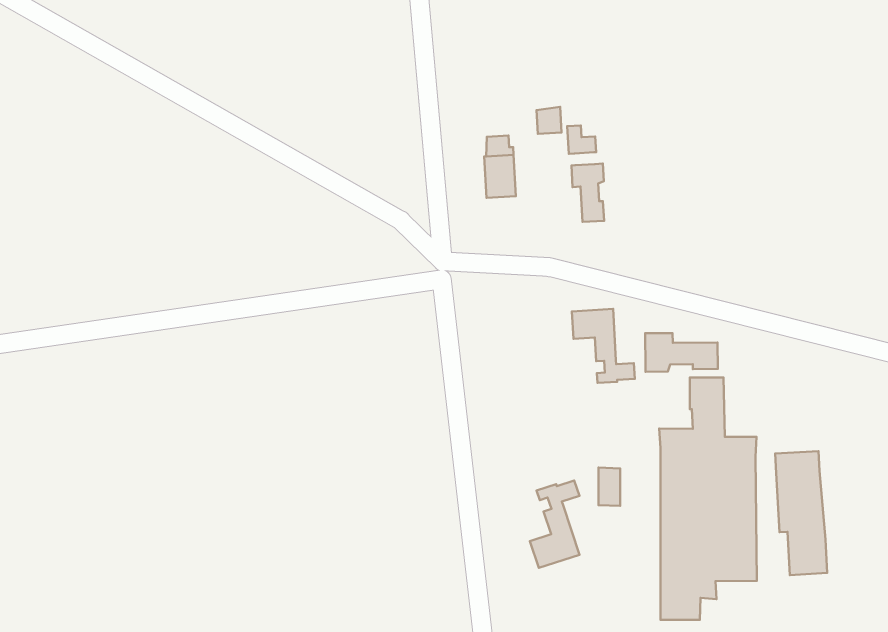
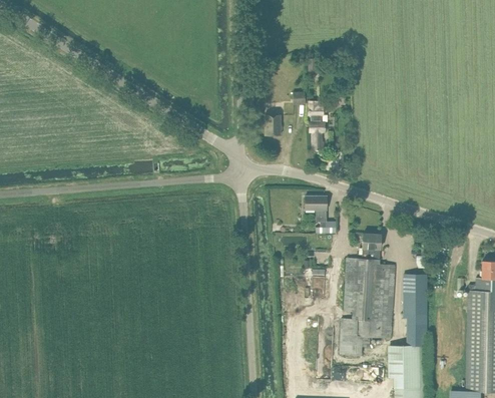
building: [645,333,718,372] -> none
building: [530,481,580,568] -> none

